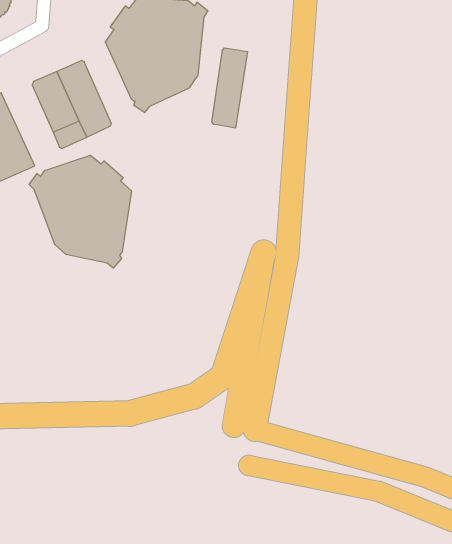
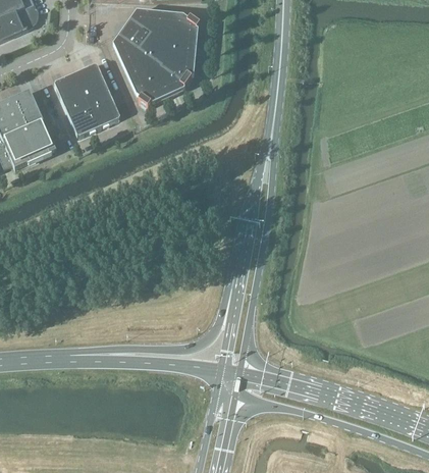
building: [212,48,247,128] -> none
building: [29,155,132,268] -> none

